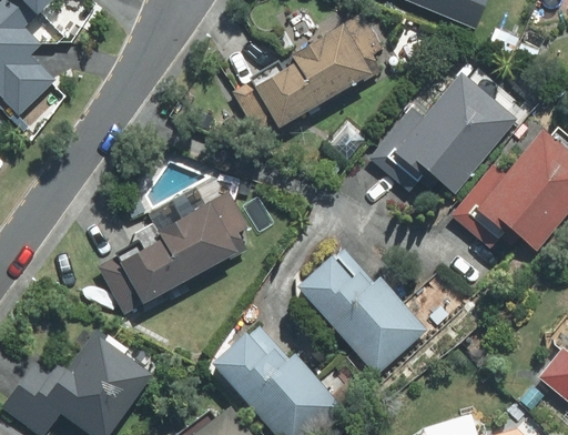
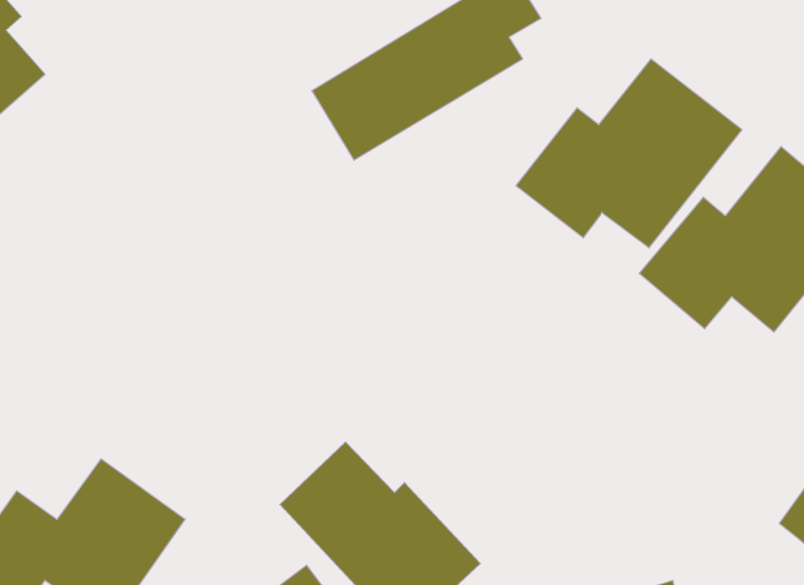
building: [101,191,250,313] -> none
building: [297,246,429,376] -> none

